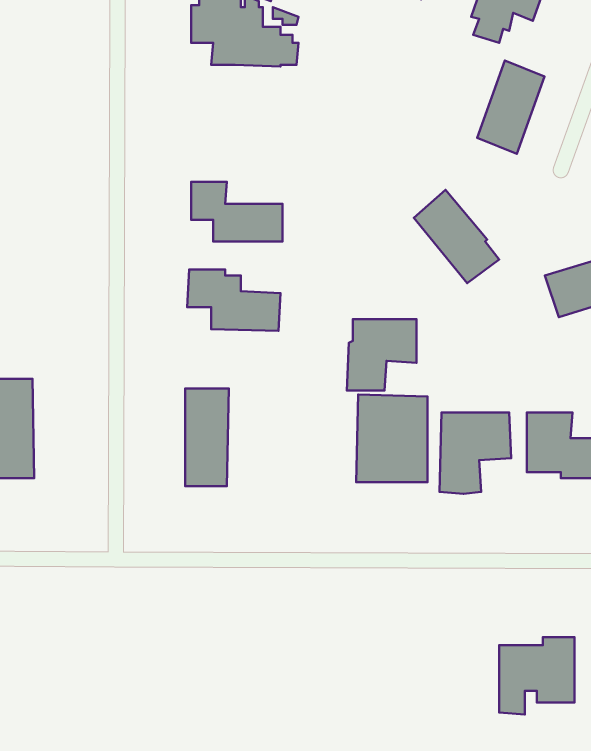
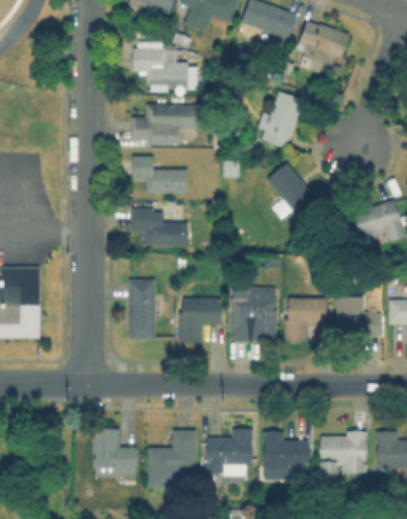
building: [477,60,545,154] -> [263,90,303,147]
building: none -> [131,106,201,142]
building: [347,319,416,391] -> [178,299,220,342]
building: none -> [206,429,253,472]
building: none -> [148,430,196,488]
building: none -> [93,431,136,488]
building: none -> [261,434,308,478]

